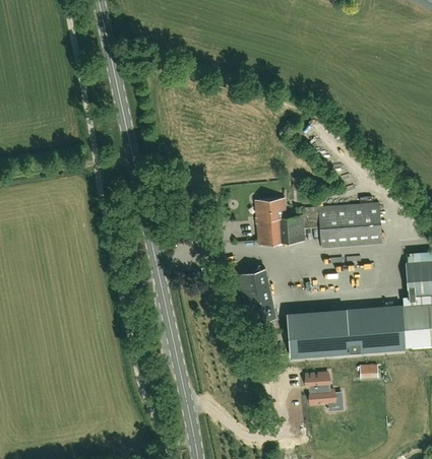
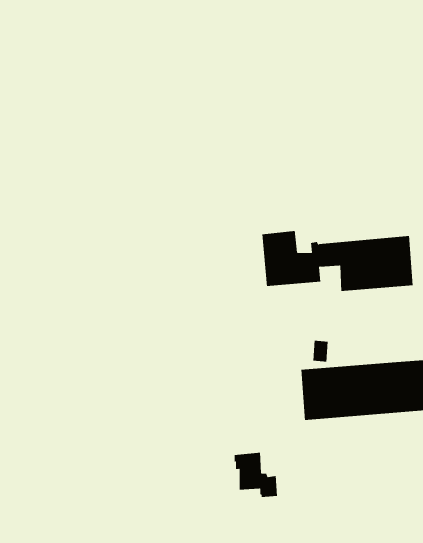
building: [233,268,274,324] -> none
building: [305,373,342,410] -> [234,452,278,497]

